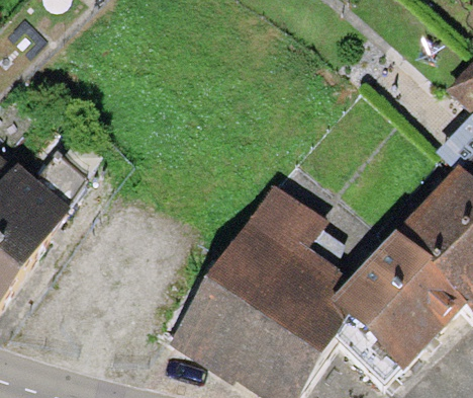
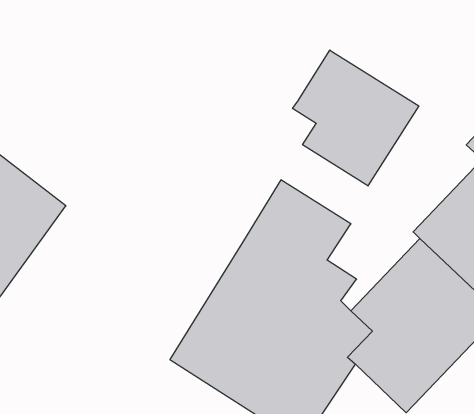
building: none -> [293,50,419,186]

